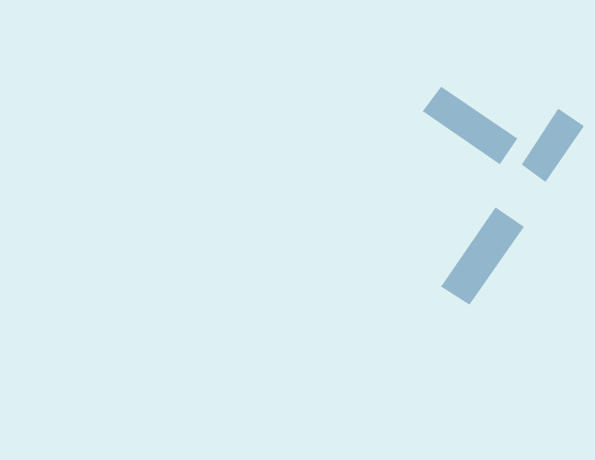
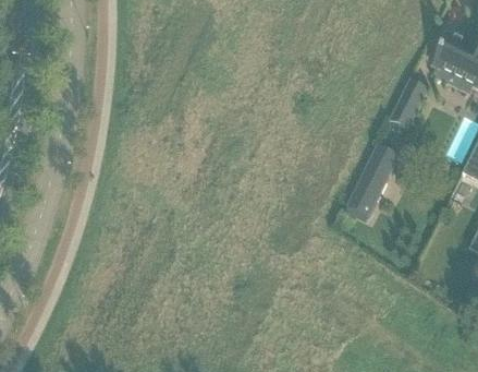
building: [422,86,518,165] -> none

